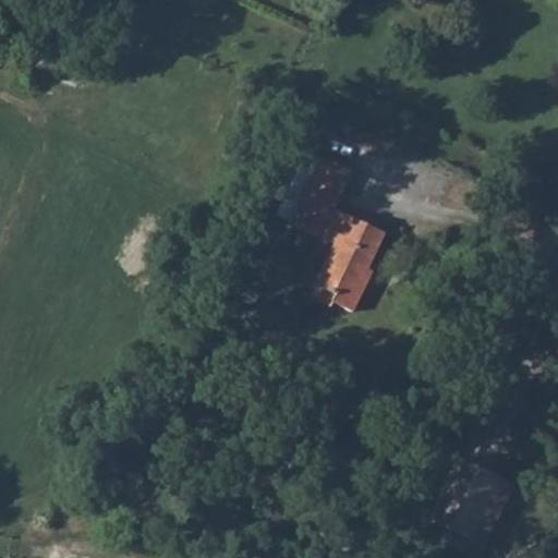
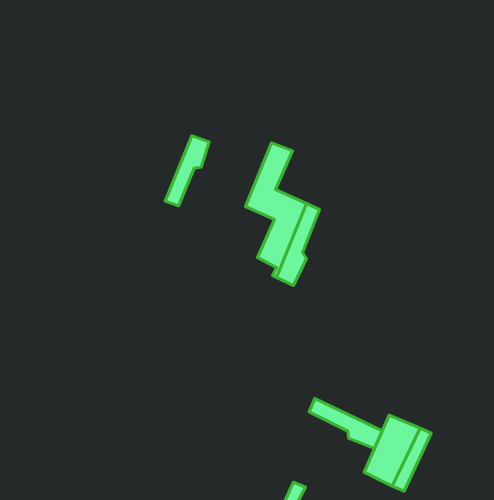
building: none -> [165,136,209,206]
building: none -> [309,399,382,448]

